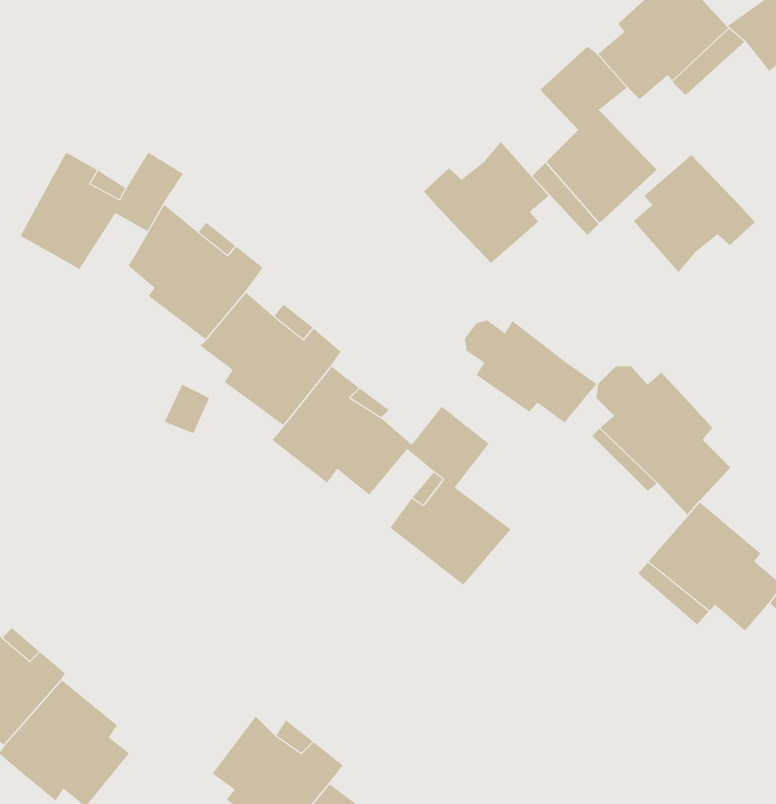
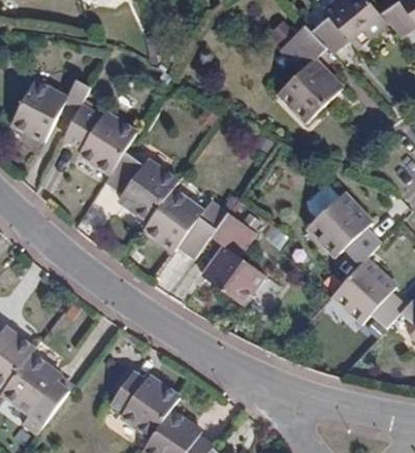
building: [423,141,550,264] -> none
building: [633,154,755,273] -> none
building: [464,320,597,424] -> none

